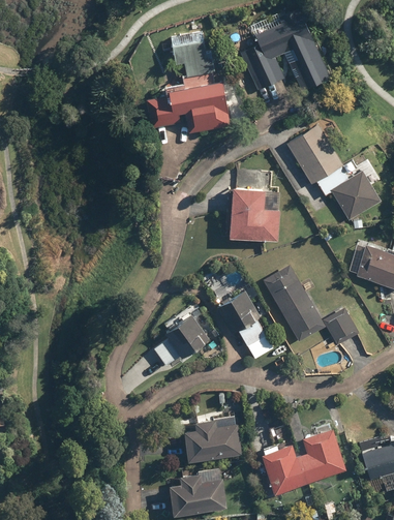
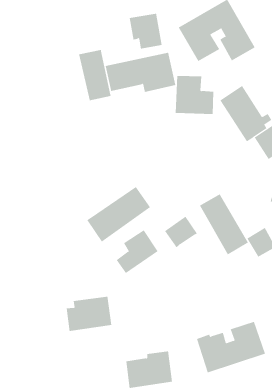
building: none -> [79,49,111,101]
building: [228,192,278,243] -> [175,75,214,115]
building: none -> [86,186,151,242]
building: [237,318,276,362] -> none
building: [181,418,241,463] -> [66,296,112,331]

